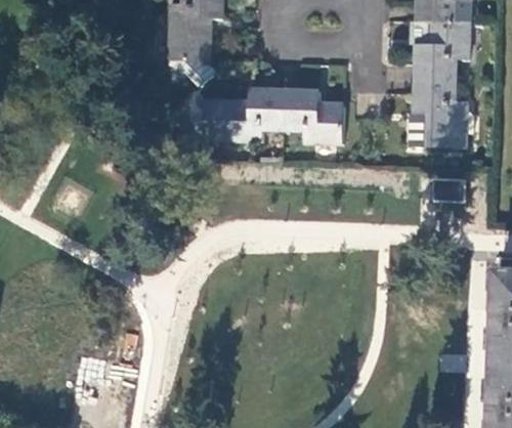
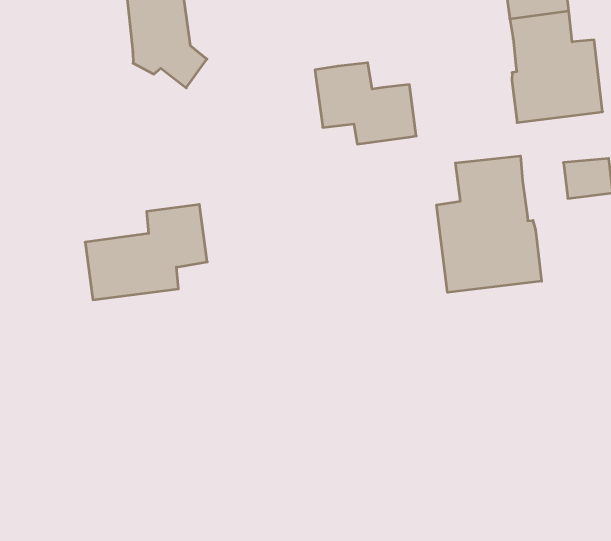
building: [205,87,284,140] -> [85,204,207,300]
building: none -> [437,156,542,292]

